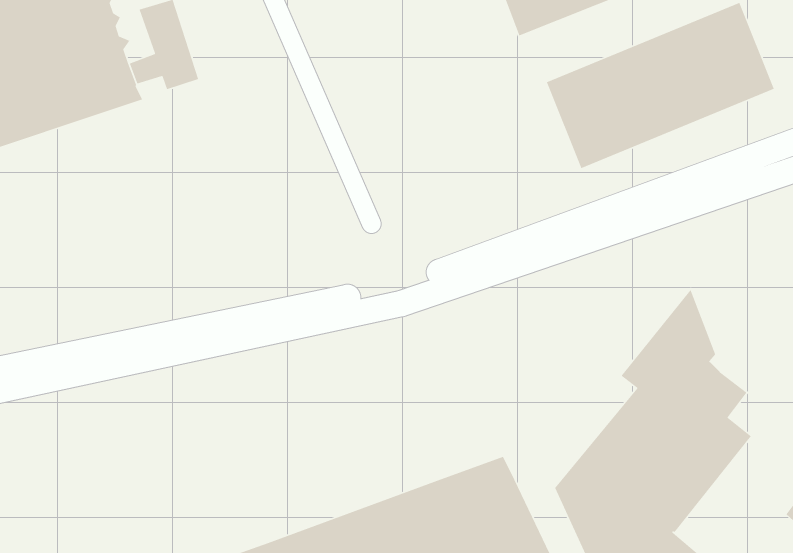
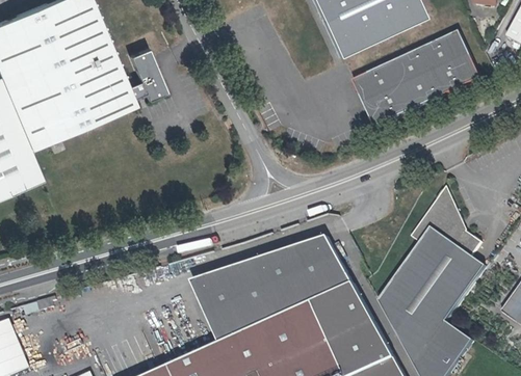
building: none -> [193,241,348,345]

